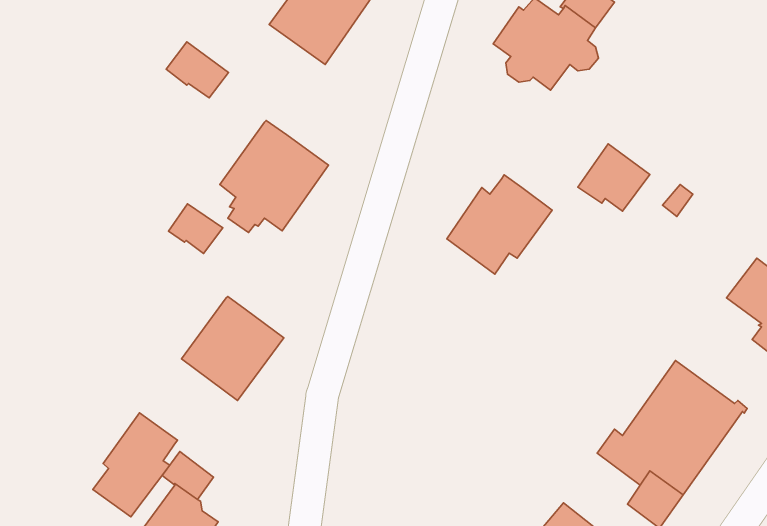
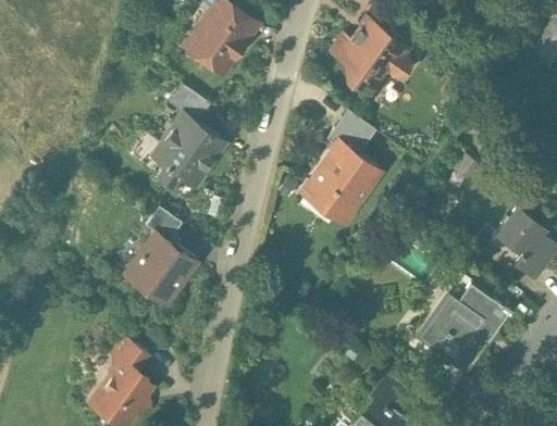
building: [166,42,228,98] -> [168,85,210,123]
building: [578,144,650,211] -> [326,113,375,159]
building: [168,204,223,253] -> [145,208,182,241]
building: [93,413,177,517] -> none

